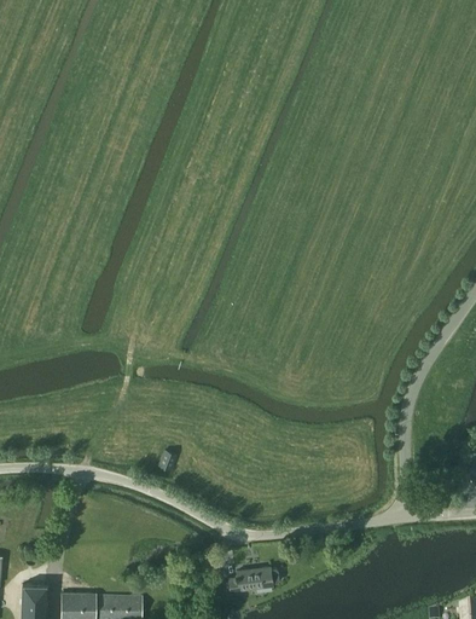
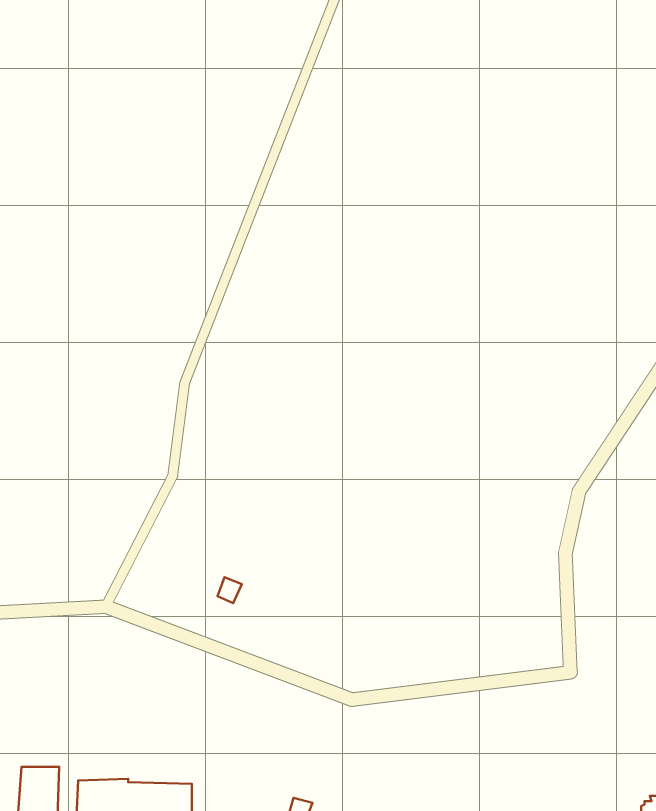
building: [230,566,279,594] -> none

